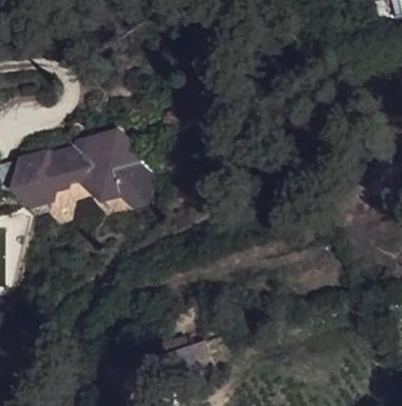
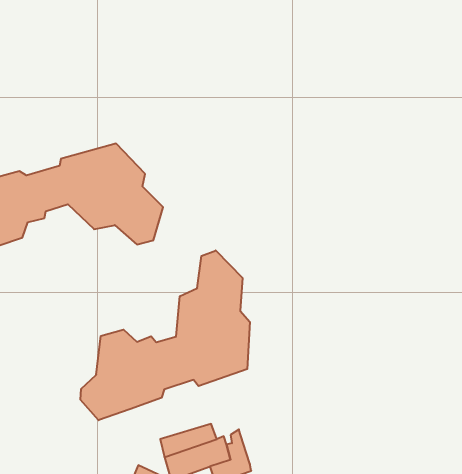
building: none -> [81,250,250,420]

